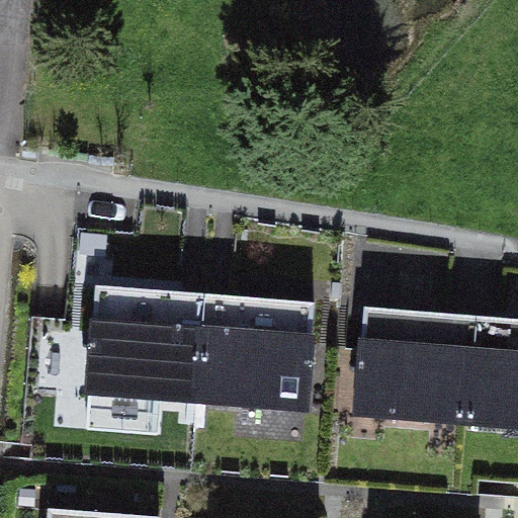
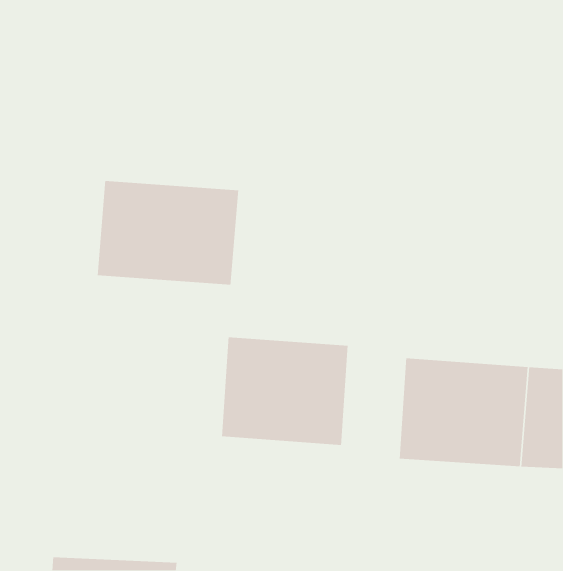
building: none -> [97,180,239,286]
building: [89,297,206,396] -> none

